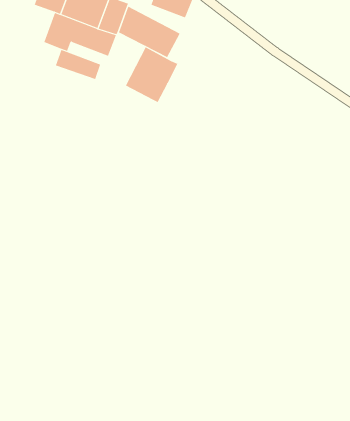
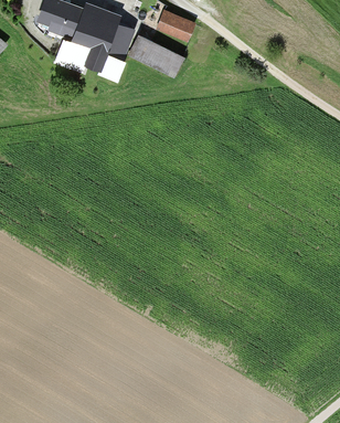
building: [125,46,178,103] -> none
building: [55,49,101,80] -> none

